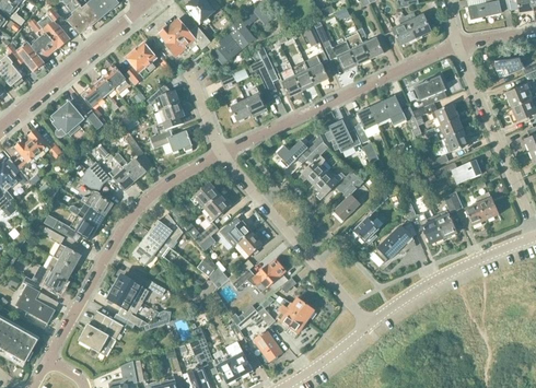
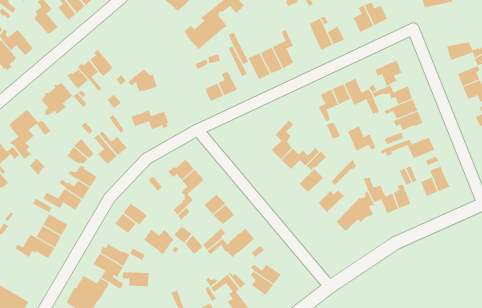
building: [26,15,58,61] -> none
building: [313,21,357,71] -> none
building: [155,22,210,57] -> none
building: [125,43,155,84] -> none
building: [155,105,183,134] -> none
building: [328,120,360,149] -> [347,126,376,152]
building: [276,136,322,166] -> none
building: [149,220,183,248] -> [143,229,174,255]
building: [15,284,58,324] -> none

